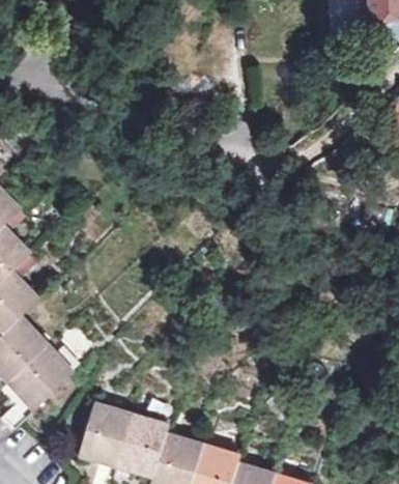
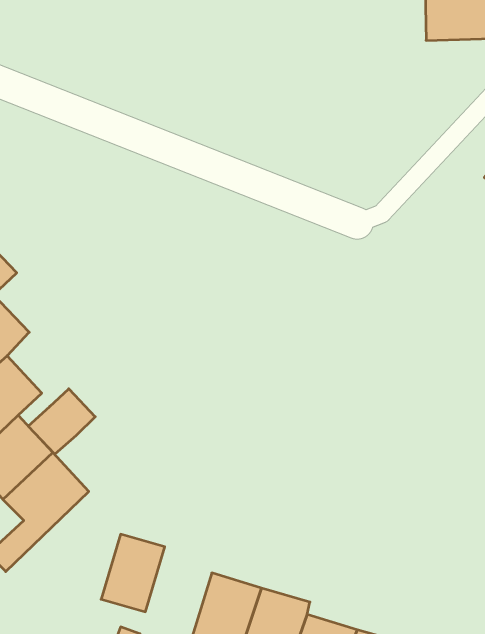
building: none -> [28,389,95,454]
building: [115,411,167,472] -> none

